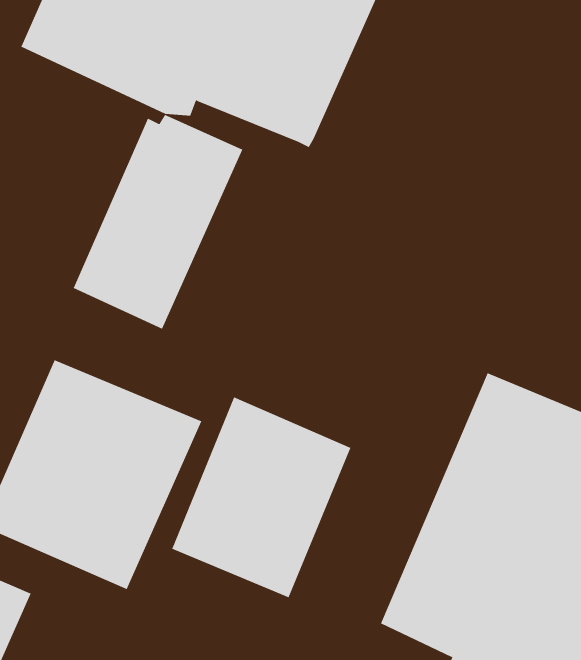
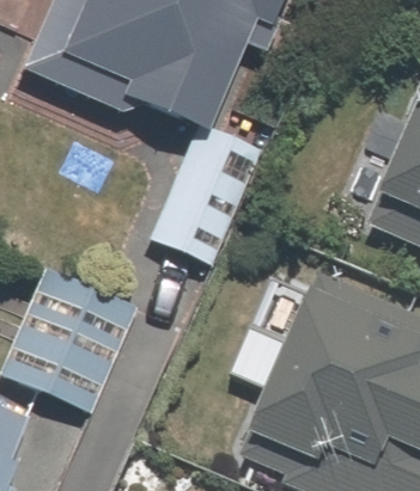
building: [73,114,243,329] -> [150,124,258,262]
building: [171,396,351,598] -> none

